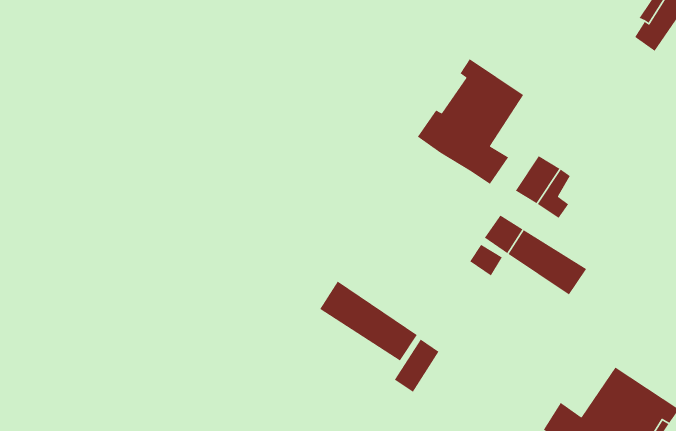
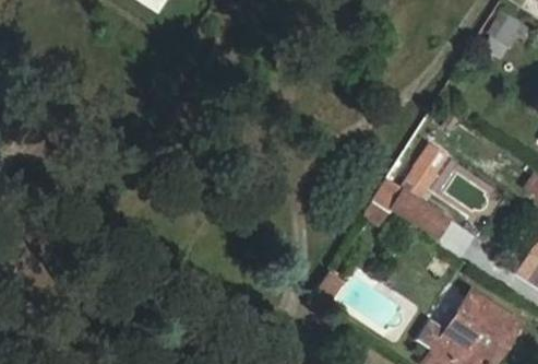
building: [417,58,524,185] -> none
building: [319,281,418,361] -> none

